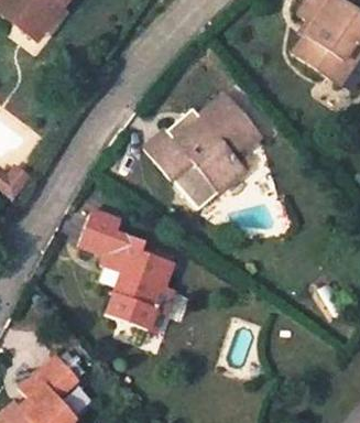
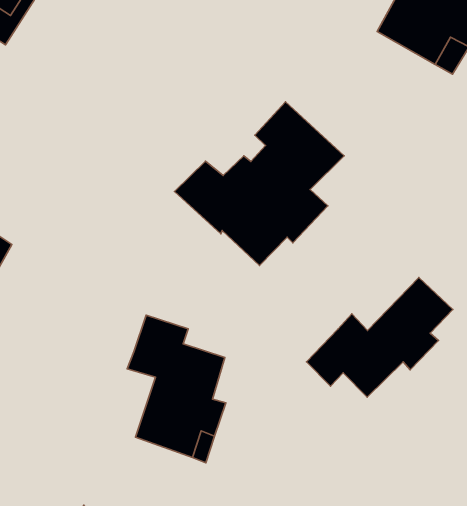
building: [76,209,120,256] -> none
building: none -> [307,278,453,397]

